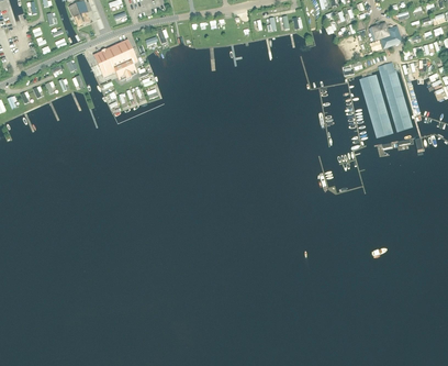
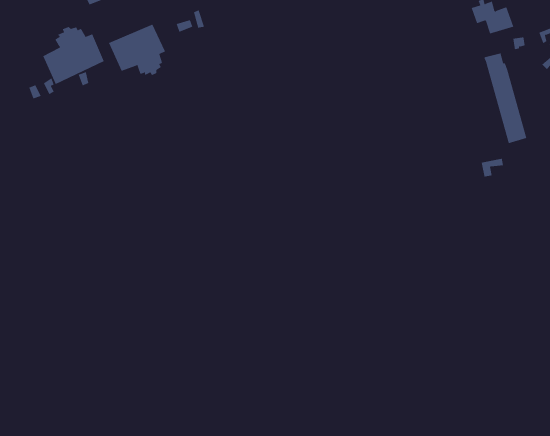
building: none -> [43,26,105,85]
building: [360,74,392,137] -> none

